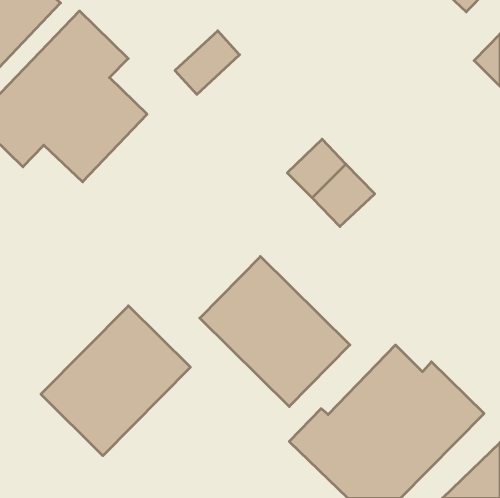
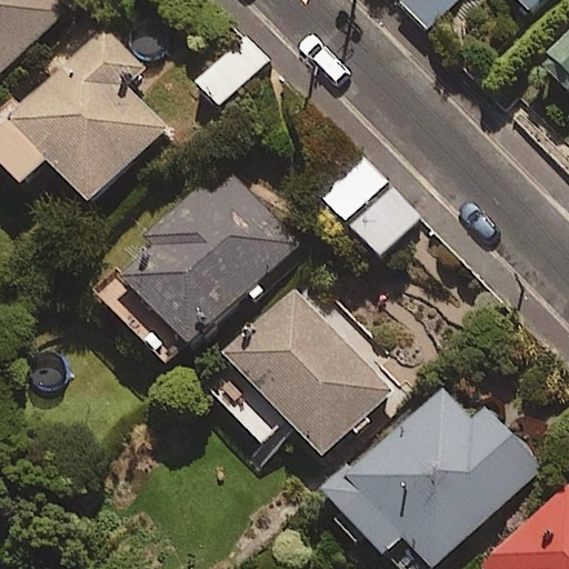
building: none -> [101,161,300,368]
building: [41,306,190,456] -> none

